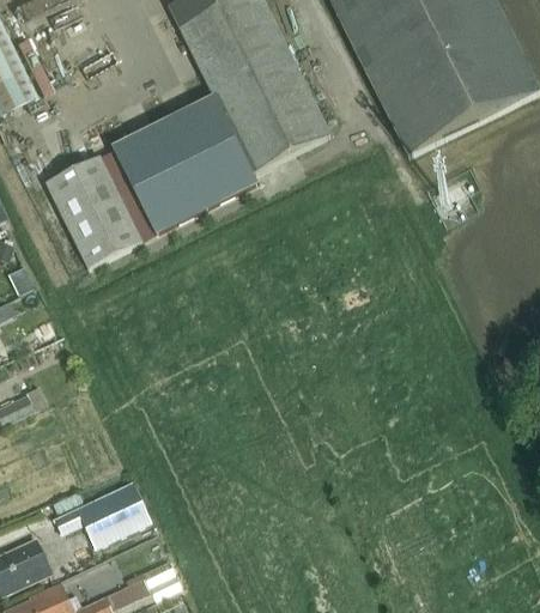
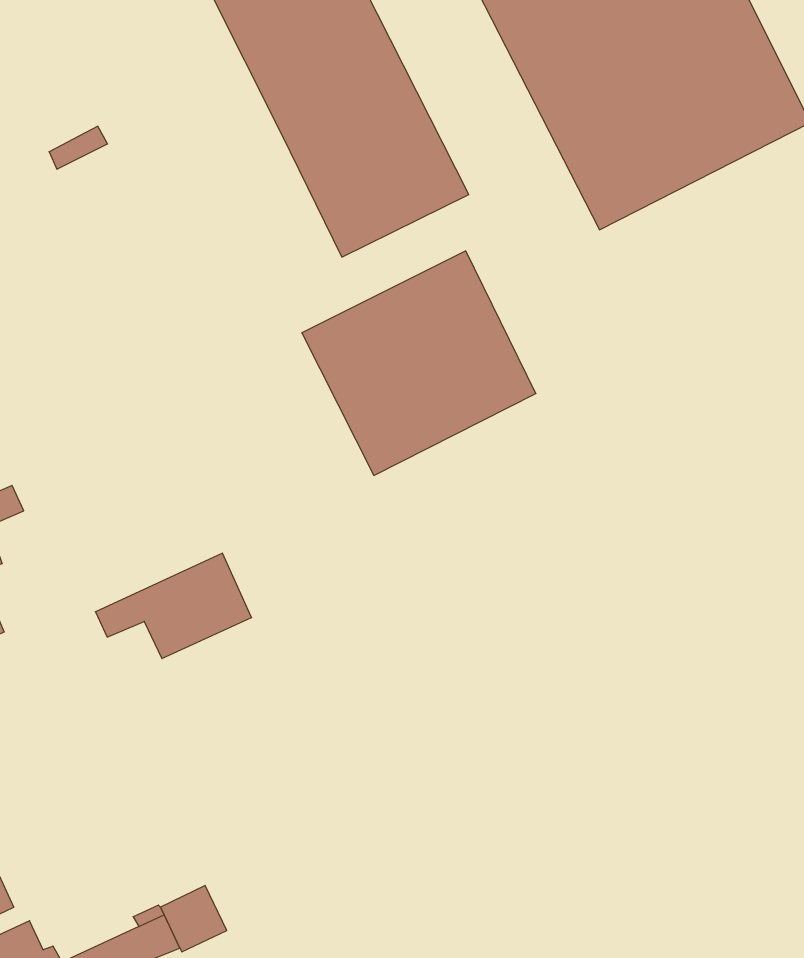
building: [111,96,255,233] -> [302,251,536,475]
building: [48,157,142,268] -> none
building: [54,481,150,546] -> [95,553,252,659]

